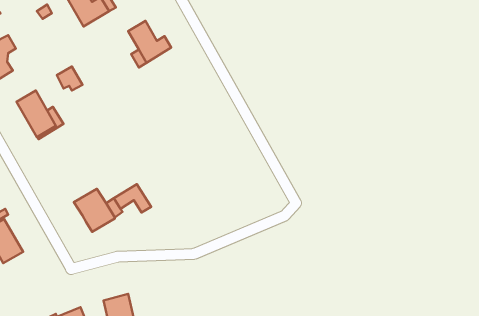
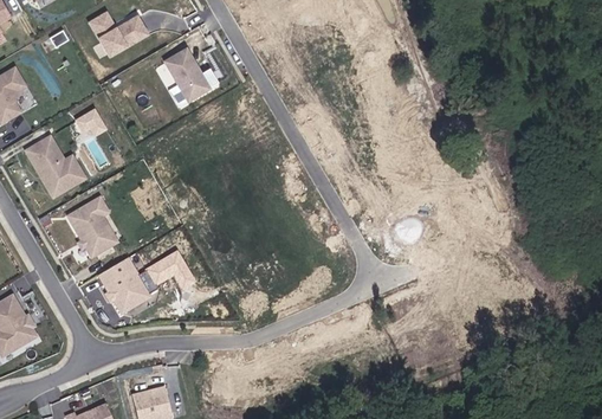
building: none -> [66,196,117,256]

